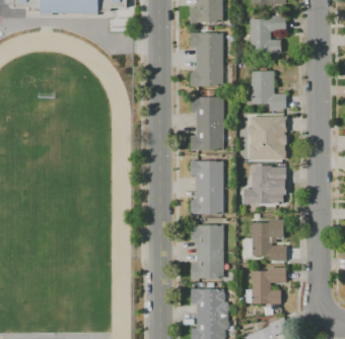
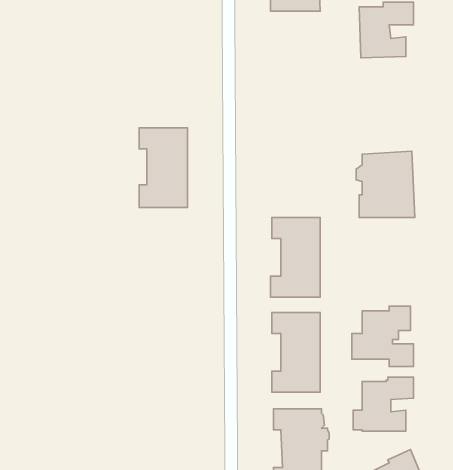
building: [189,32,230,85] -> none
building: [246,72,285,110] -> none
building: [190,96,222,150] -> [139,128,188,208]
building: [245,166,286,204] -> none

